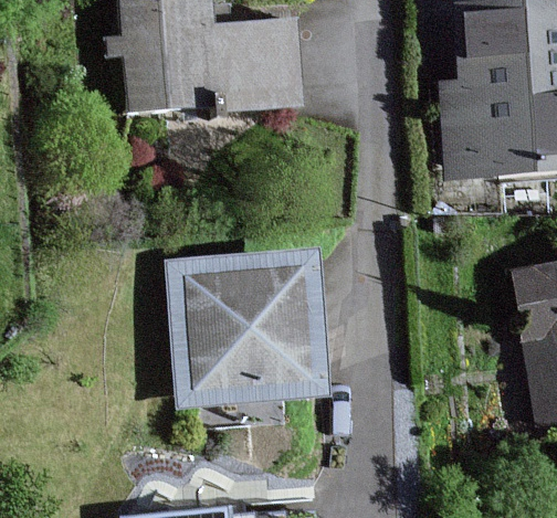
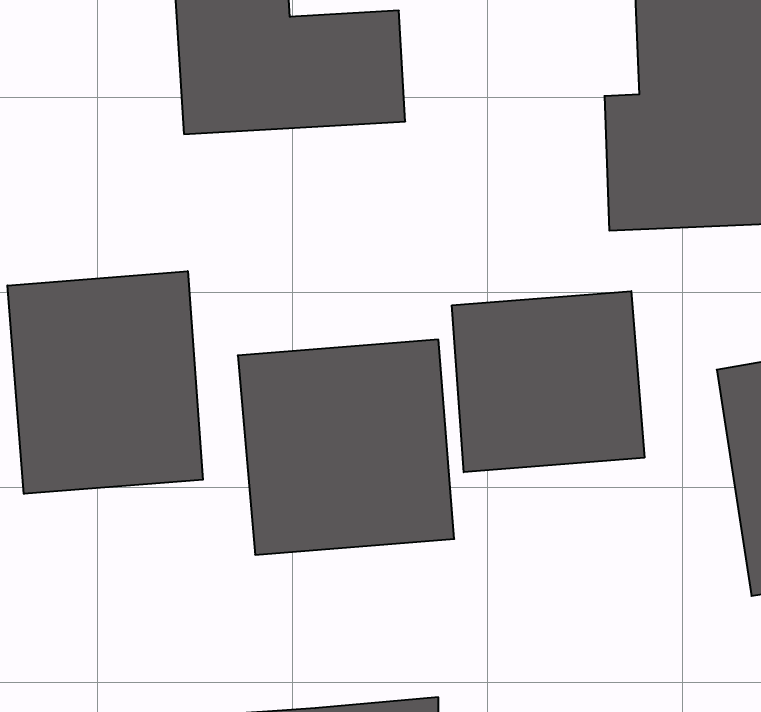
building: none -> [7,271,203,494]
building: none -> [452,291,644,472]

